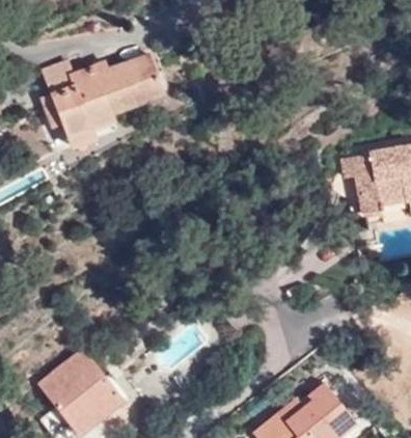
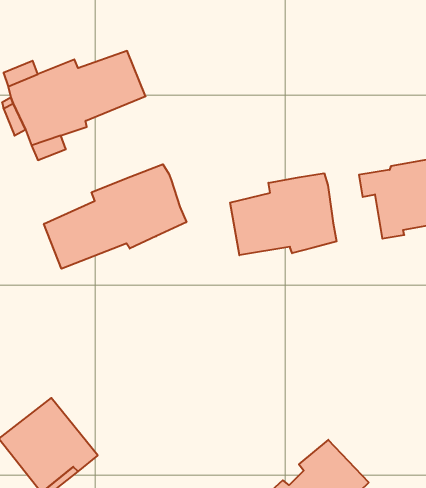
building: none -> [44,164,186,269]
building: none -> [230,173,337,255]

